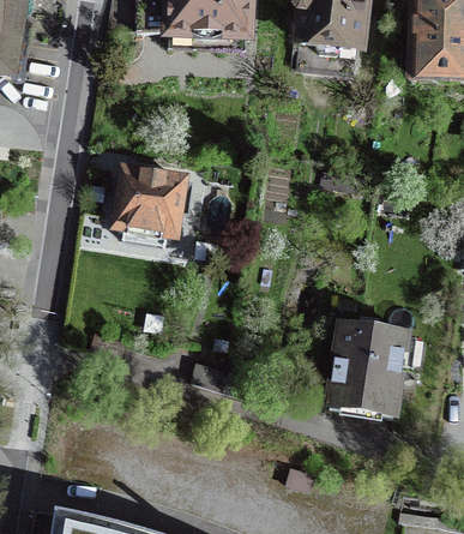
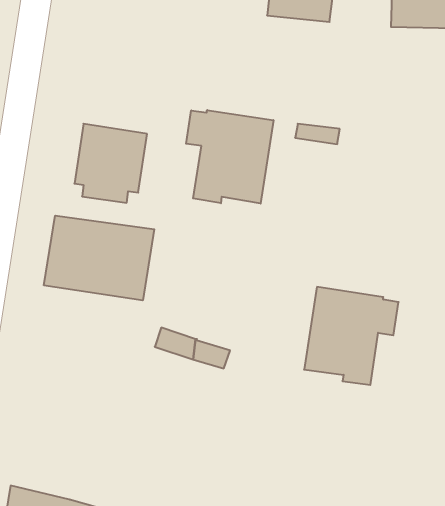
building: none -> [186,110,273,204]
building: none -> [44,216,154,300]

